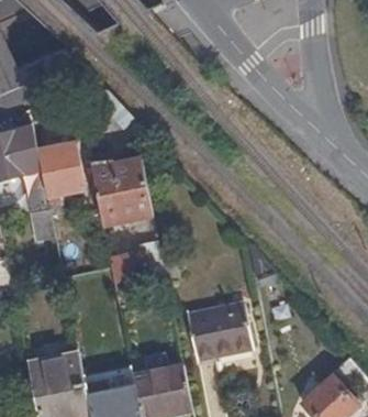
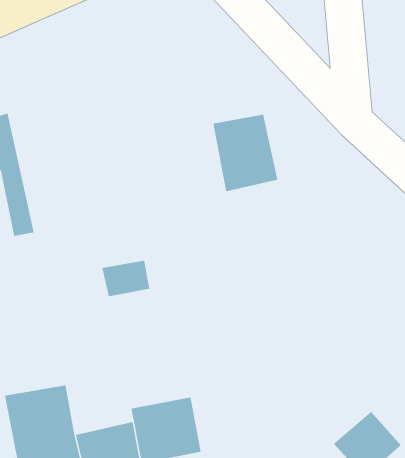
building: [38,142,86,195] -> none
building: [93,164,148,229] -> [212,114,278,192]
building: [189,303,254,356] -> none

